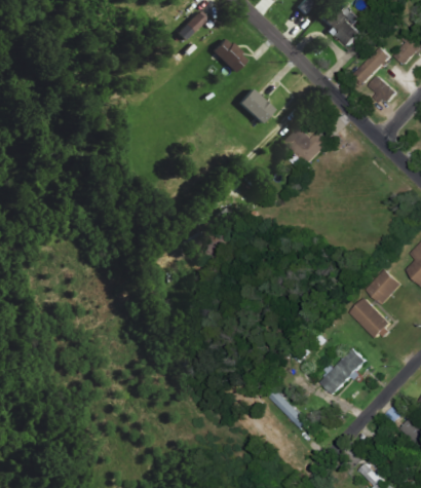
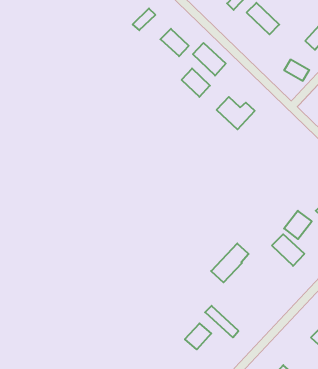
building: [354,46,390,81] -> none
building: none -> [193,43,226,76]
building: [318,346,366,396] -> [211,243,249,282]
building: none -> [185,323,211,349]

